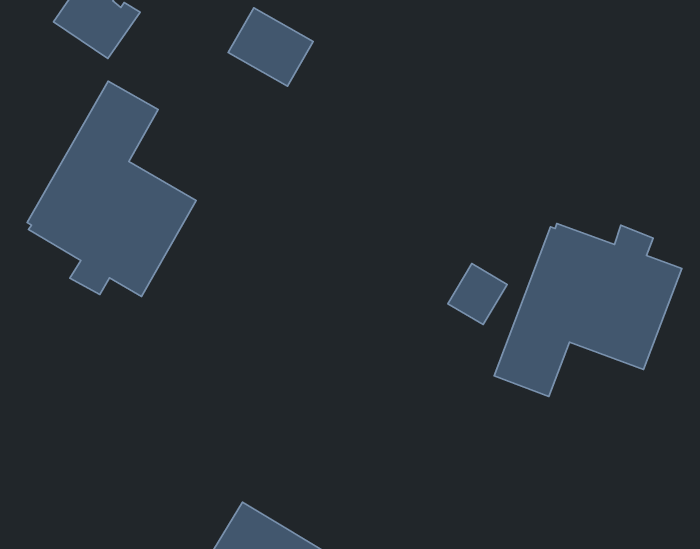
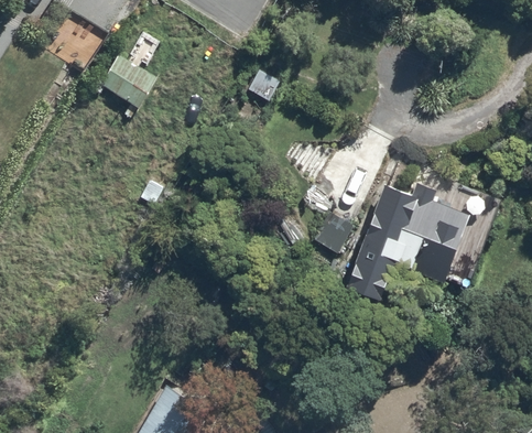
building: [228,8,313,86] -> [100,55,159,109]
building: [27,81,196,297] -> none

